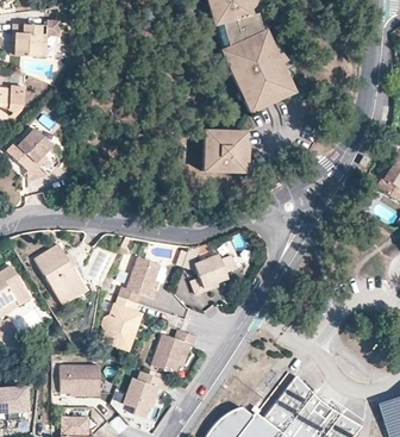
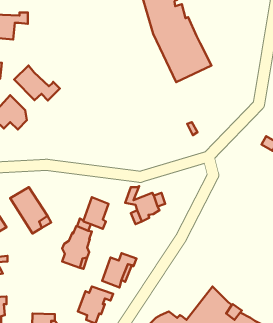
building: none -> [14,65,60,101]
building: [202,129,245,170] -> none
building: [62,367,100,395] -> none

